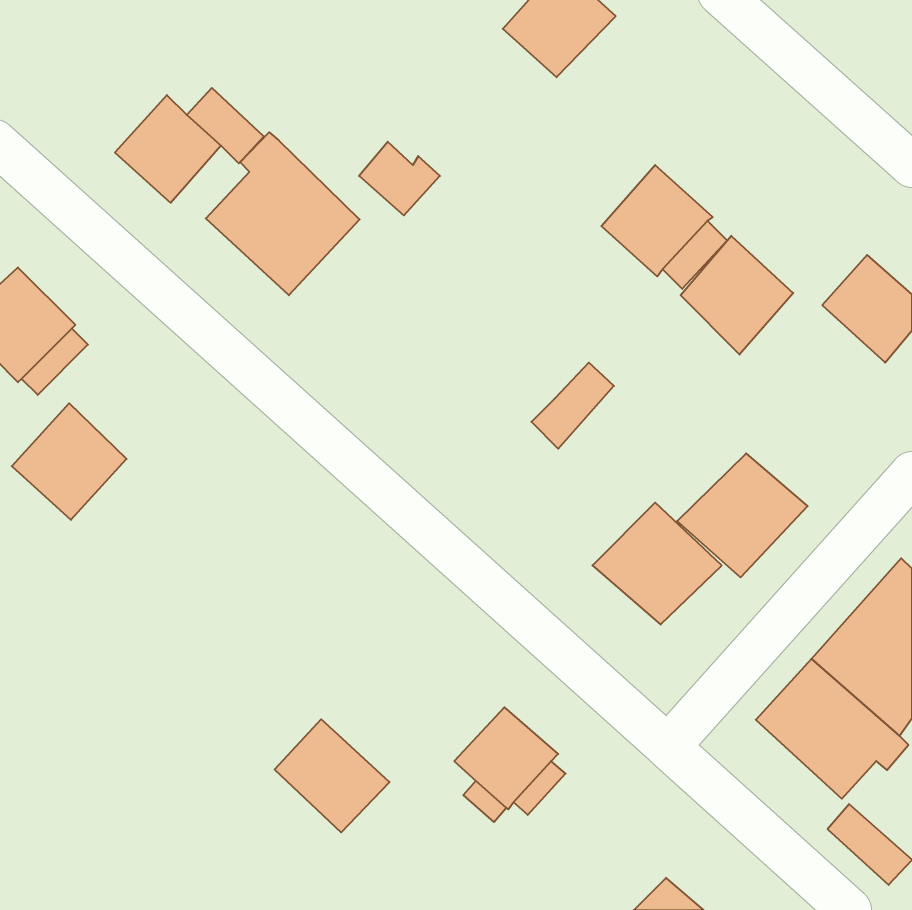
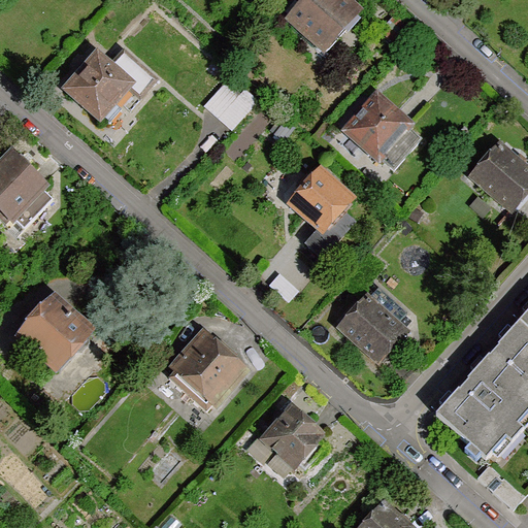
building: [206,132,360,295] -> none
building: [681,236,793,355] -> none
building: none -> [290,171,349,229]
building: [12,403,127,520] -> [21,298,87,365]
building: [677,453,808,577] -> none
building: [275,719,390,832] -> [175,334,241,399]

